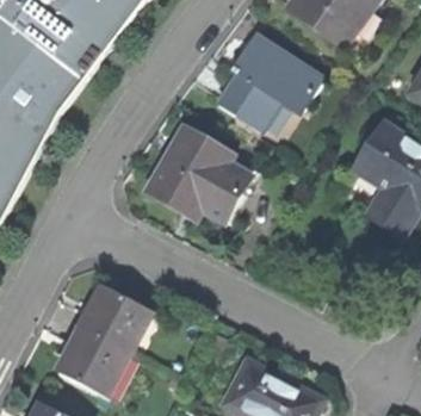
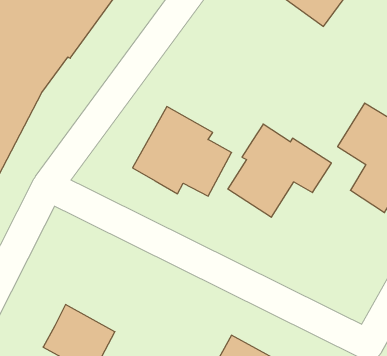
building: [216,36,321,130] -> [228,124,331,217]
building: [80,285,153,355] -> none

